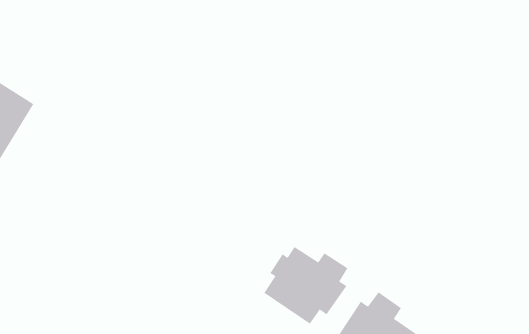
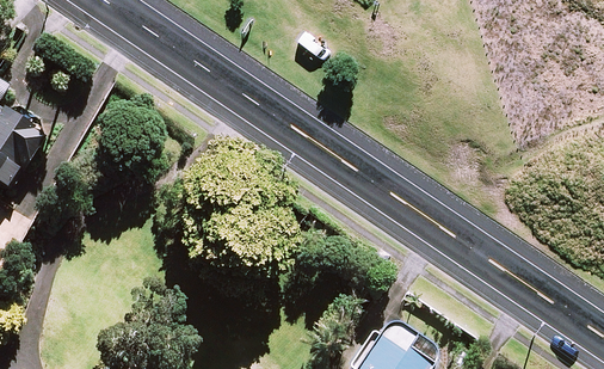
building: [263,246,348,324] -> none

